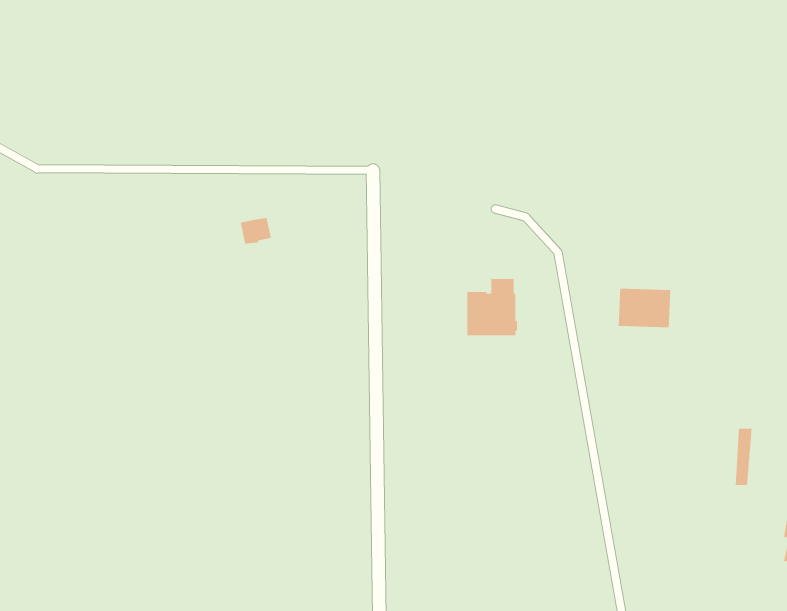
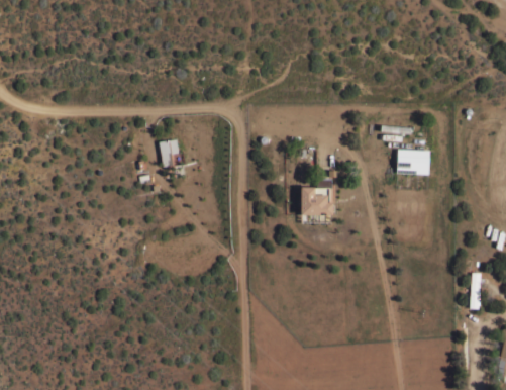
building: [618,288,671,328] -> [397,150,430,175]

